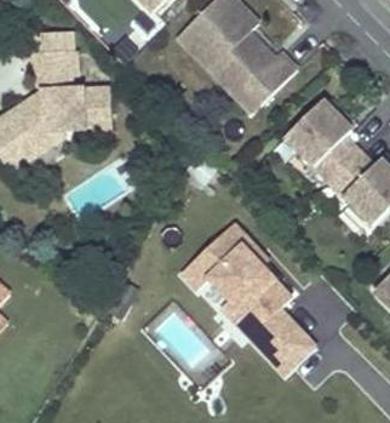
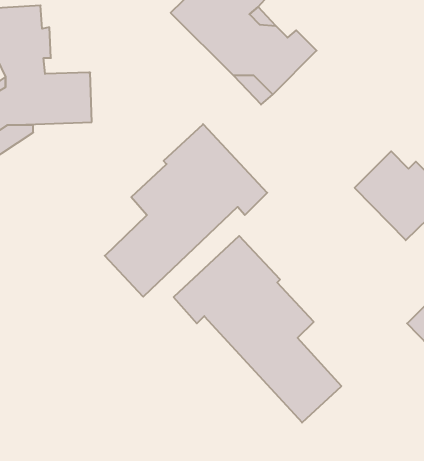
building: [286,101,360,182] -> none
building: none -> [105,124,267,297]

